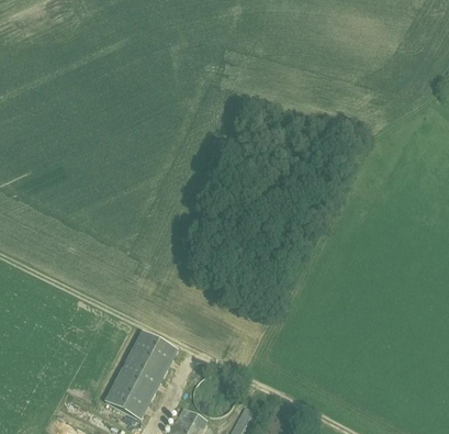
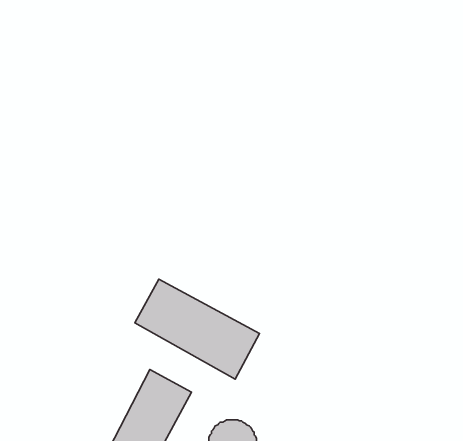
building: none -> [135,279,260,379]

